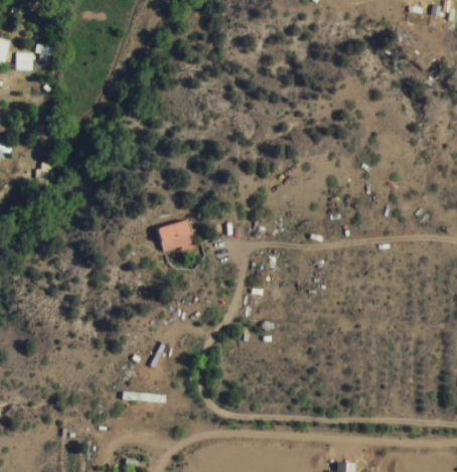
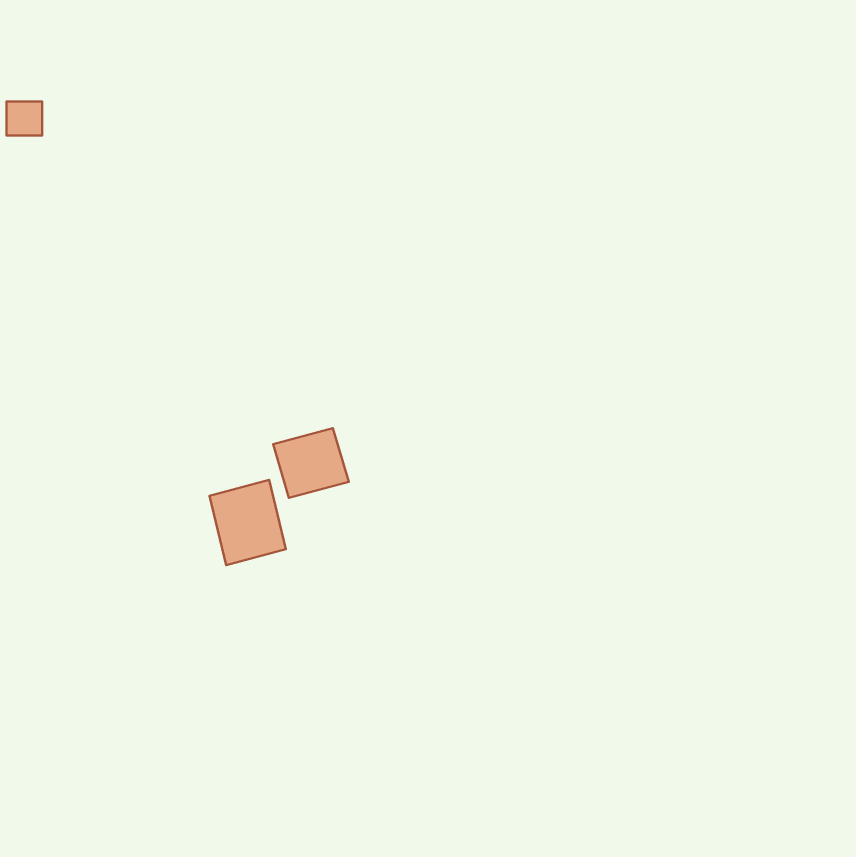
building: none -> [209,480,286,565]

